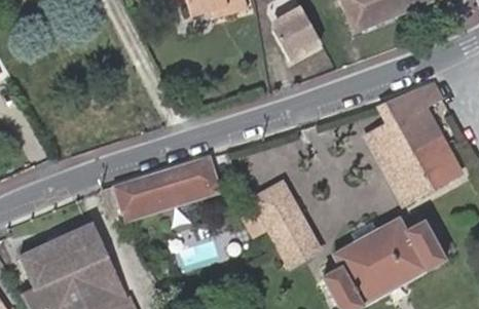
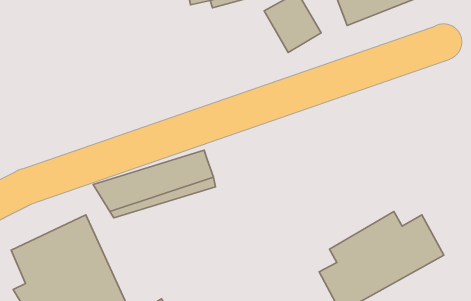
building: [368,82,458,200] -> none
building: [253,183,321,266] -> none

